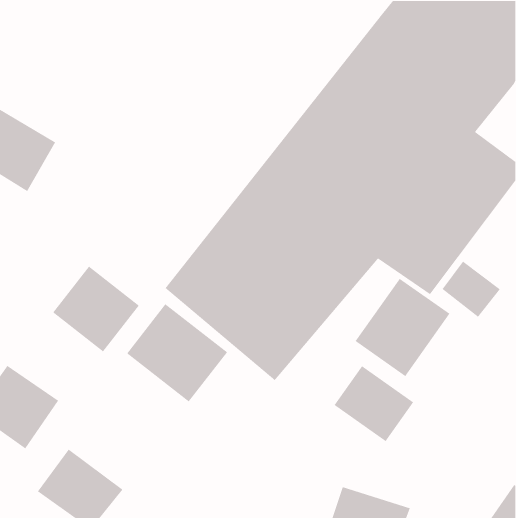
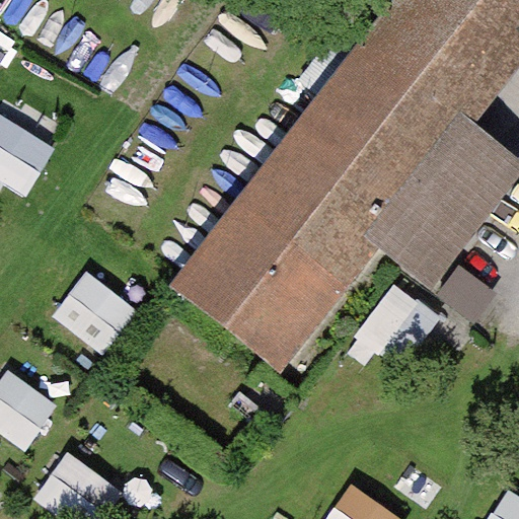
building: [126,303,228,403] -> none
building: [334,365,414,442] -> none

